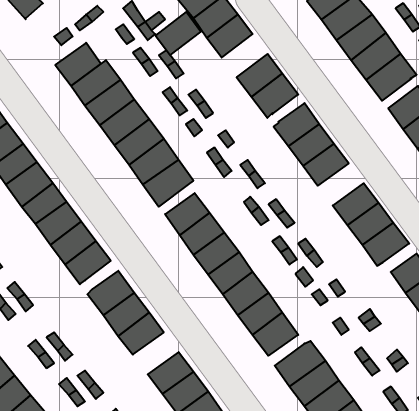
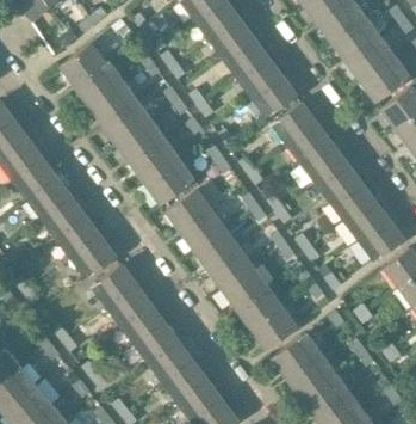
building: [155,12,201,55] -> [222,36,266,78]
building: none -> [315,161,359,202]
building: none -> [136,325,180,365]

